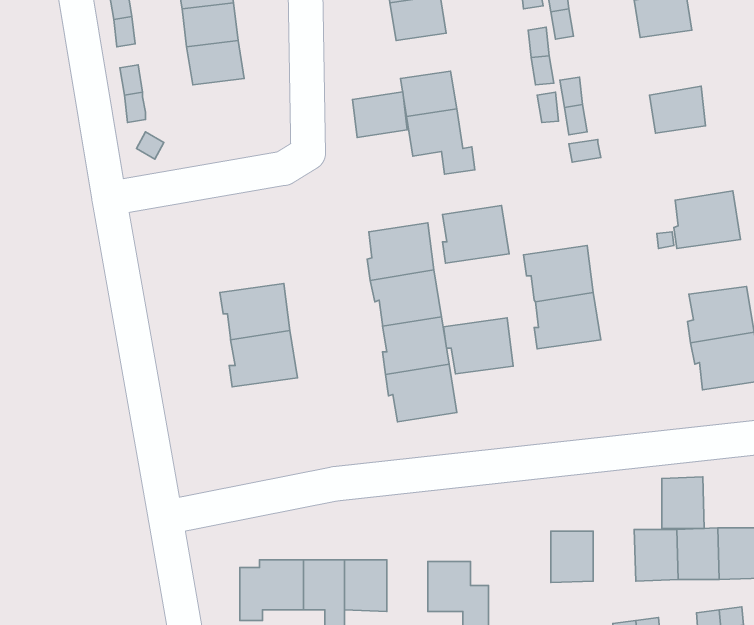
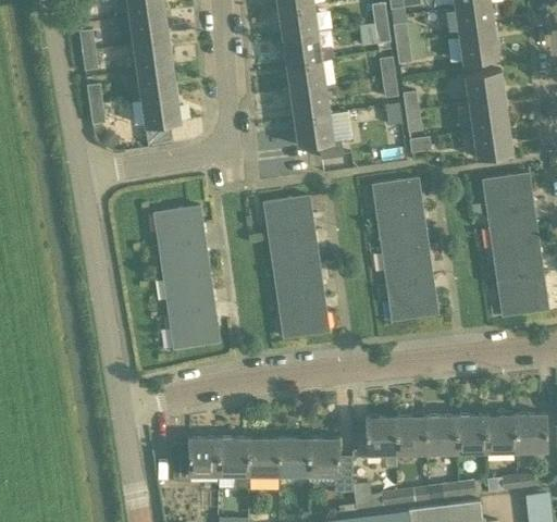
building: none -> [463,71,505,105]
building: none -> [140,94,181,126]
building: [353,92,407,137] -> [286,61,325,94]
building: none -> [472,127,512,161]
building: [442,205,509,263] -> [375,178,423,220]
building: none -> [158,207,206,247]
building: none -> [487,209,537,248]
building: [444,318,513,374] -> [387,281,437,321]
building: none -> [169,308,220,347]
building: [662,477,704,528] -> [428,417,458,453]
building: none -> [367,418,397,468]
building: none -> [280,438,309,475]

